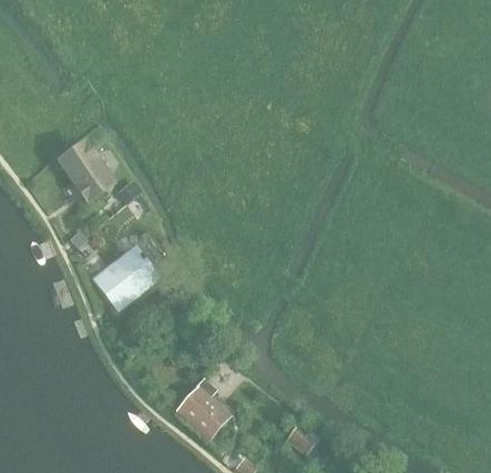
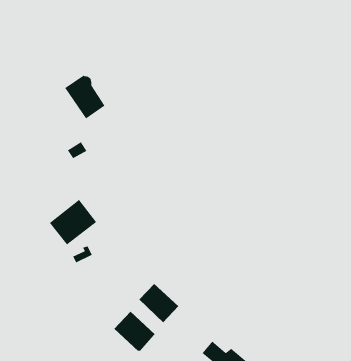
building: [61,144,112,199] -> [64,75,106,119]
building: none -> [139,283,179,323]

